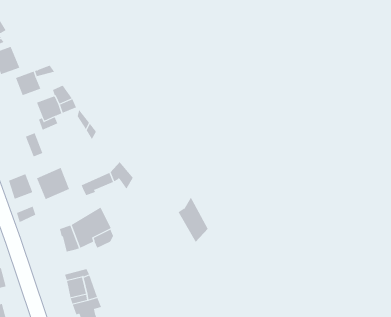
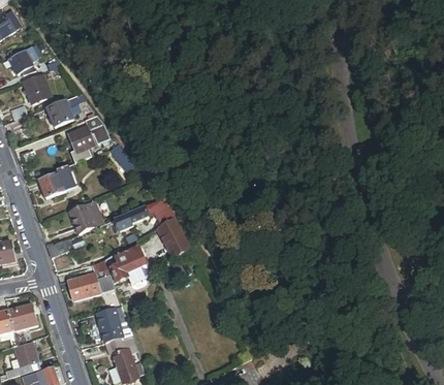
building: [8,174,33,199] -> [38,171,64,198]
building: [178,196,209,243] -> [155,212,187,260]
building: none -> [66,272,99,300]

